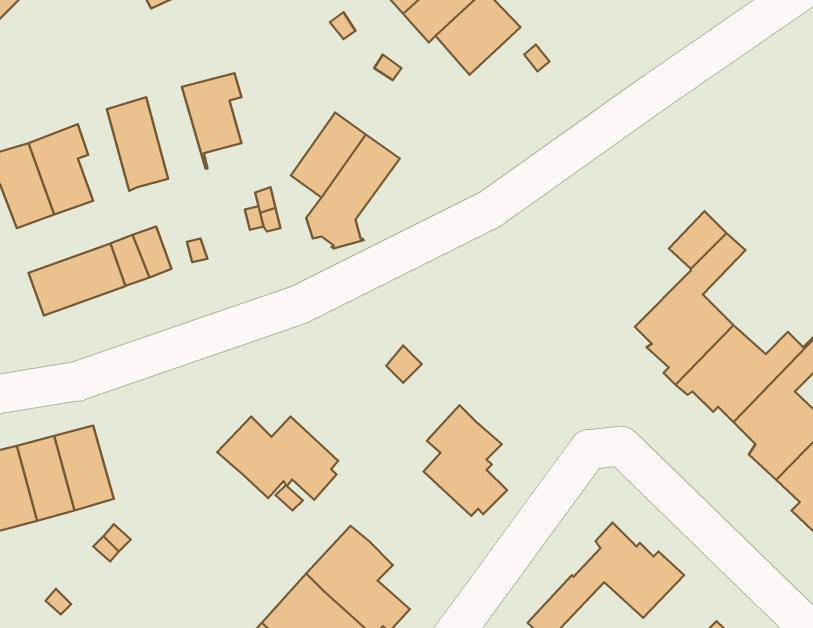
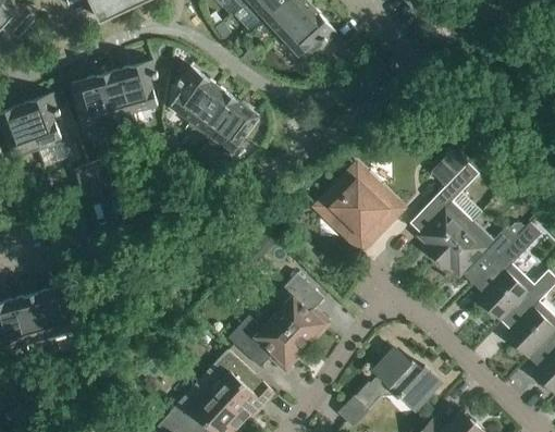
building: none -> [171,65,218,125]
building: none -> [97,69,135,127]
building: none -> [316,163,403,244]
building: [29,244,126,315] -> none
building: [217,416,338,500] -> [227,314,305,368]

